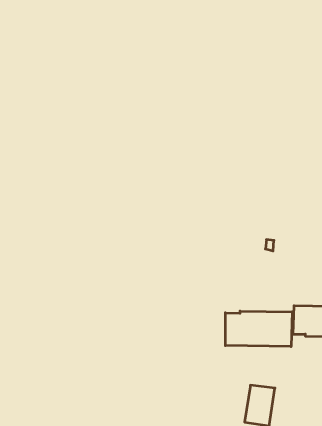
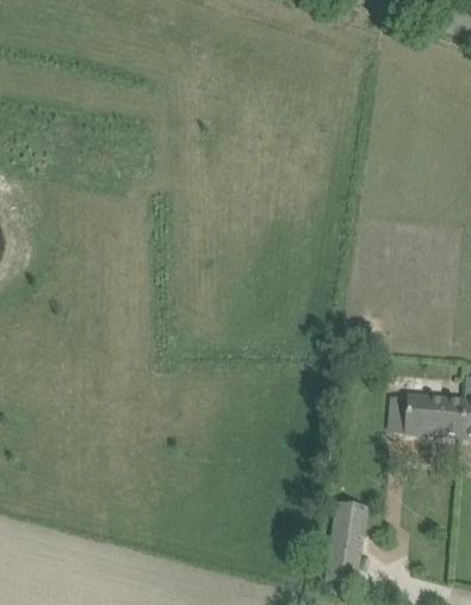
building: [225,311,292,347] -> none

